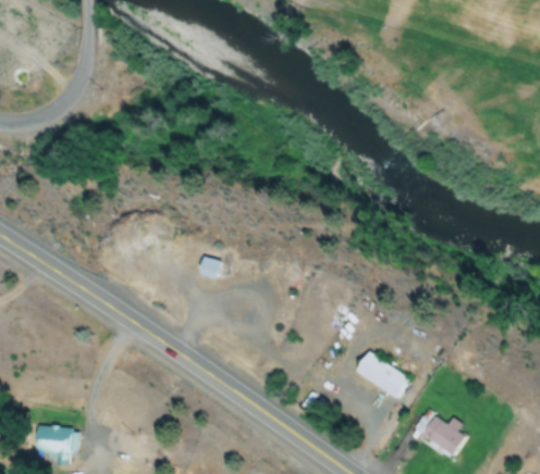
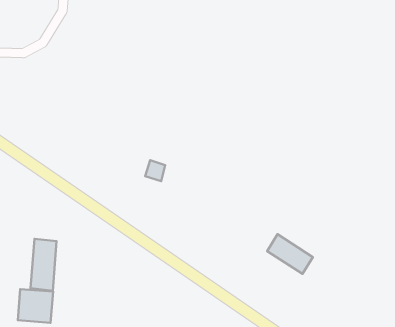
building: none -> [31,239,57,291]
building: [419,412,471,462] -> none

